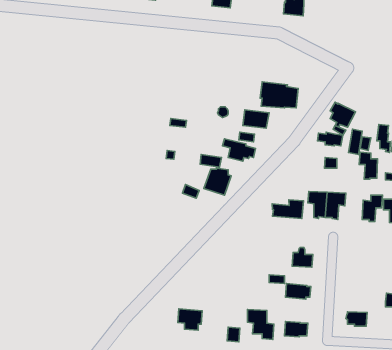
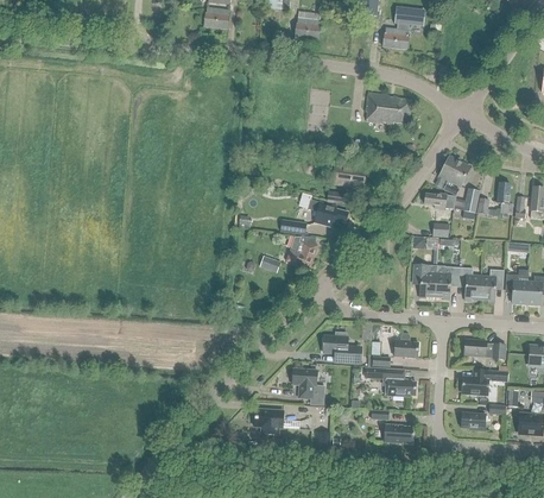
building: [260,82,298,108] -> [365,92,411,124]
building: [359,152,378,179] -> [457,266,480,300]
building: [272,200,304,219] -> none
building: none -> [322,330,361,363]
building: none -> [463,339,505,358]
building: none -> [461,368,507,393]
building: [248,309,274,340] -> [292,367,324,404]

